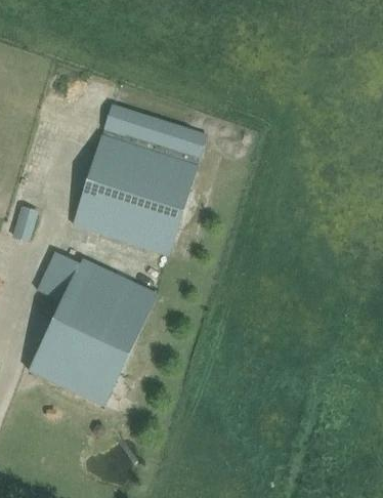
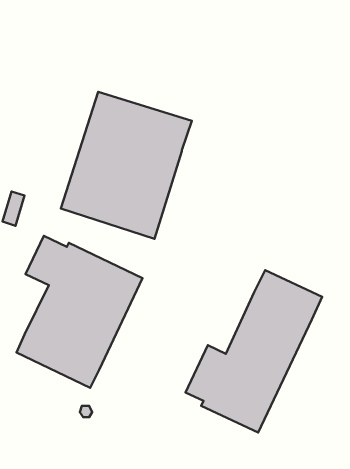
building: none -> [185,270,322,433]

